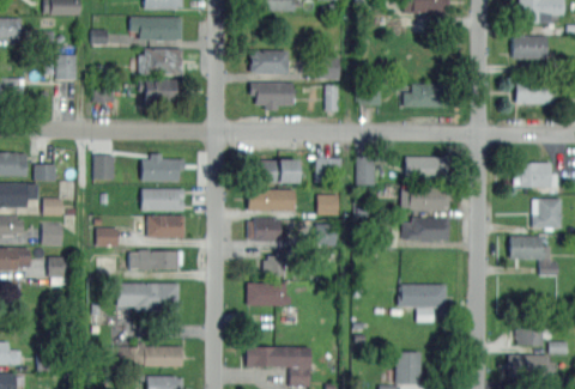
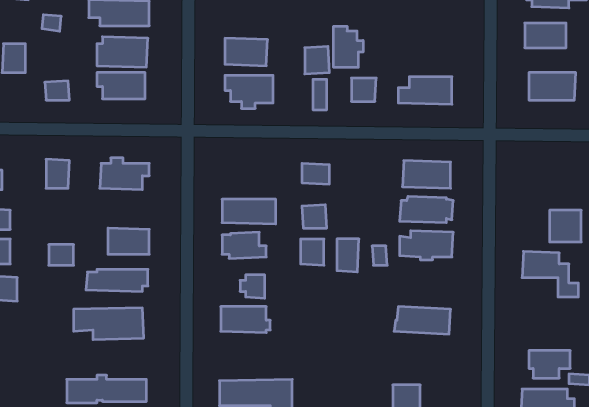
building: none -> [334,26,363,67]
building: [357,157,376,186] -> [337,239,359,272]
building: [247,160,298,182] -> none
building: [515,162,556,188] -> none
building: [141,188,184,209] -> none

